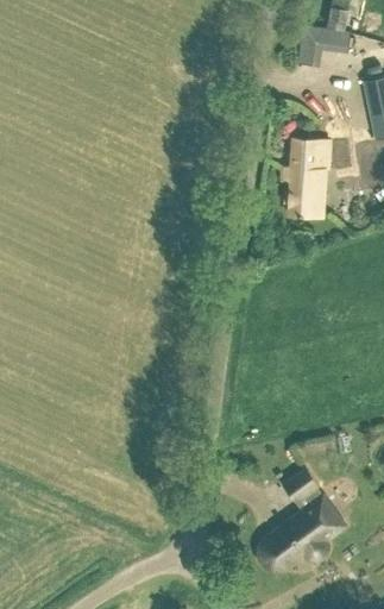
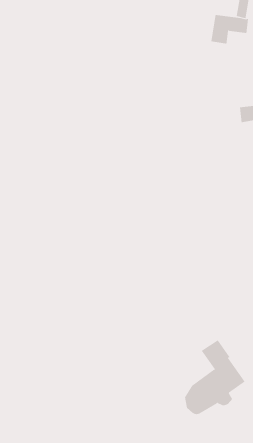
building: [288,138,329,219] -> none

